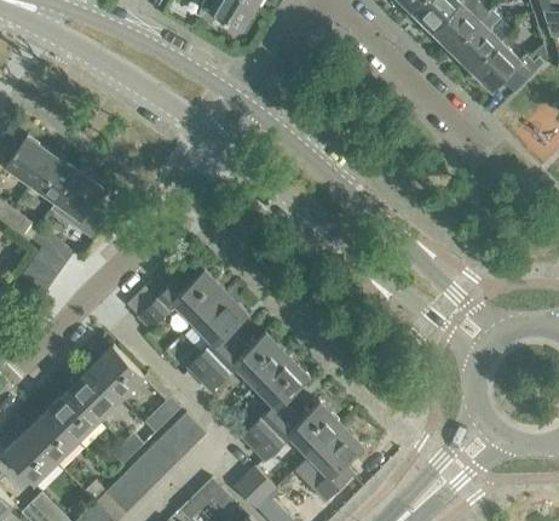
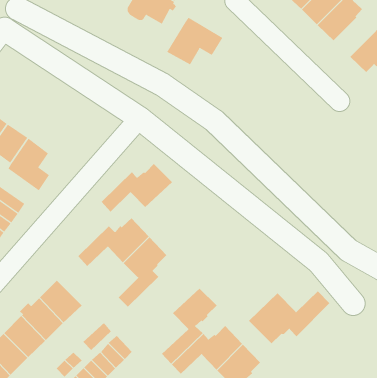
building: [453,13,501,73] -> none
building: none -> [166,17,223,65]
building: [200,333,288,394] -> [101,163,173,213]
building: none -> [248,290,330,344]

